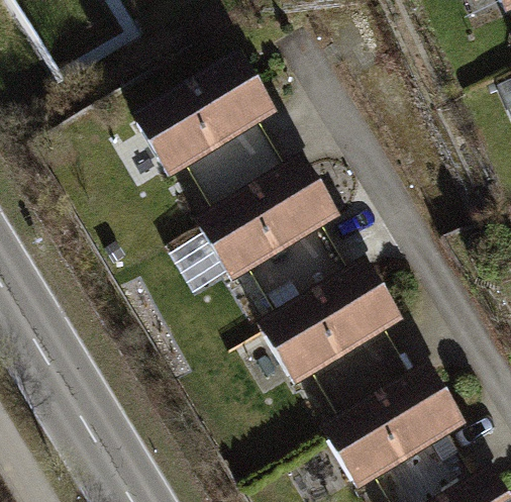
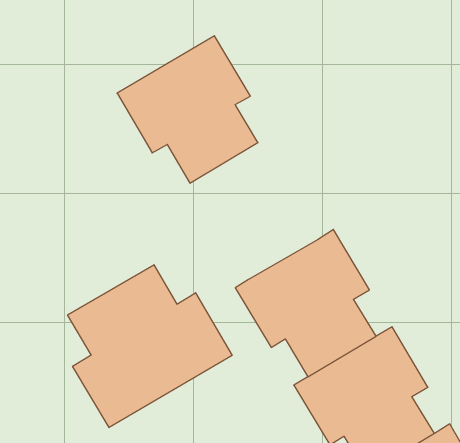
building: [200,164,351,320] -> none
building: none -> [68,265,232,428]

